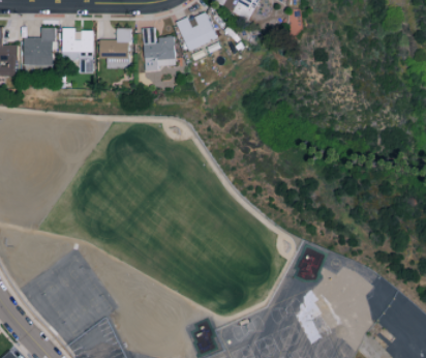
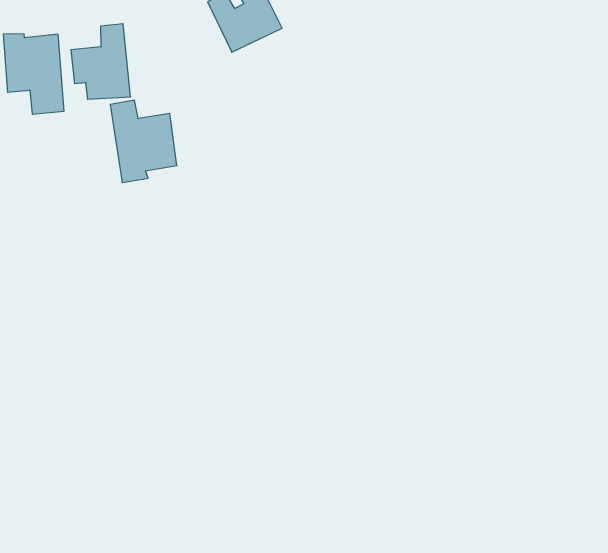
building: [143,27,176,71] -> [110,100,177,183]

